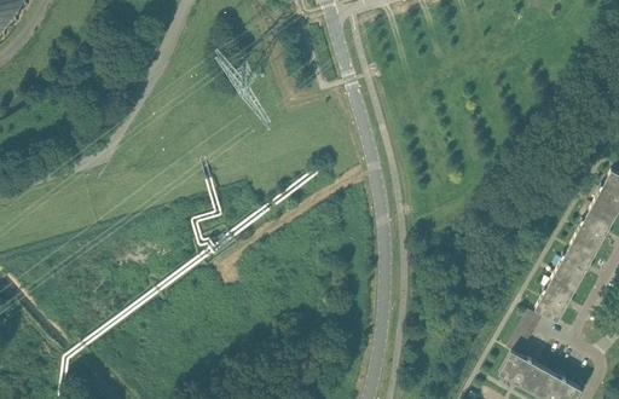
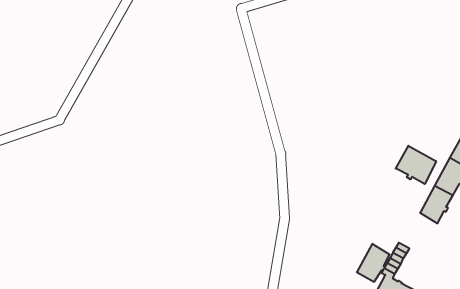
building: none -> [396,146,436,184]
building: [536,273,577,320] -> [357,244,390,282]

